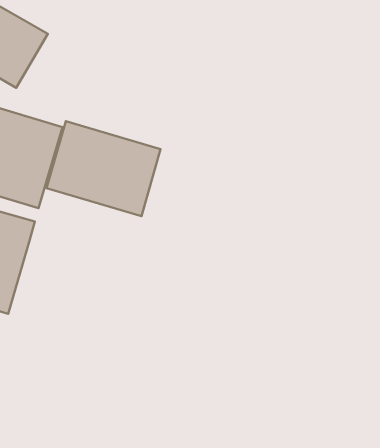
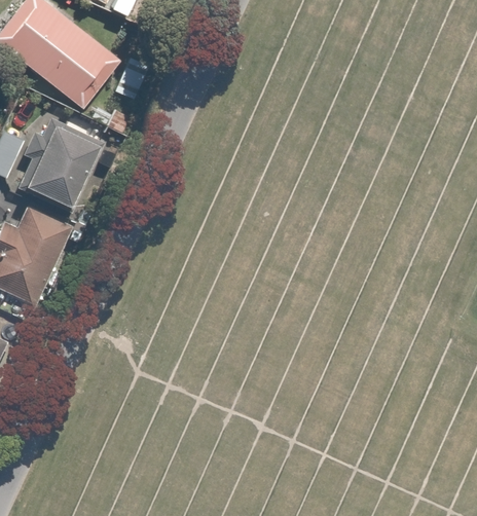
building: [47,121,161,216] -> none

